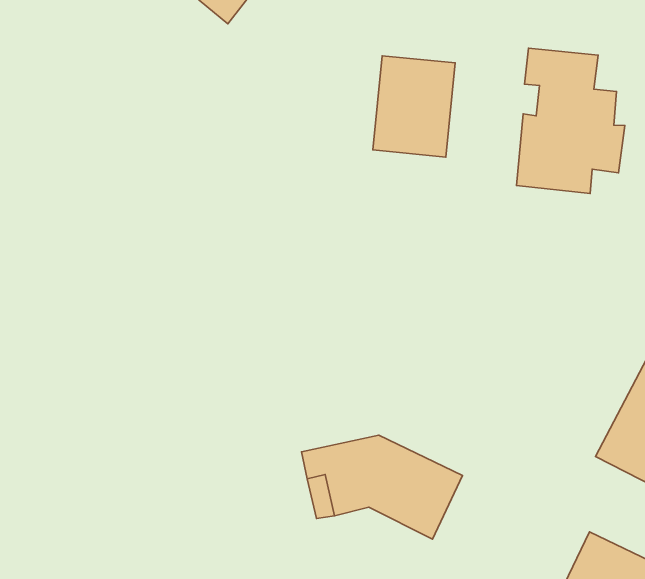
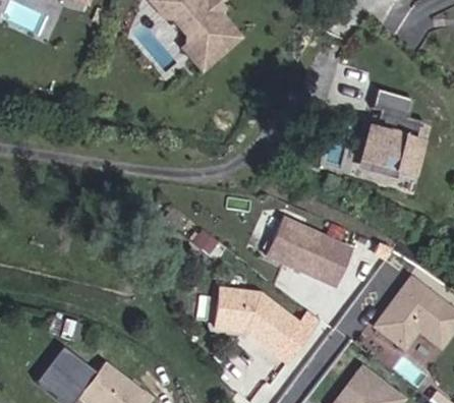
building: [373,56,455,157] -> none
building: none -> [266,220,349,285]

